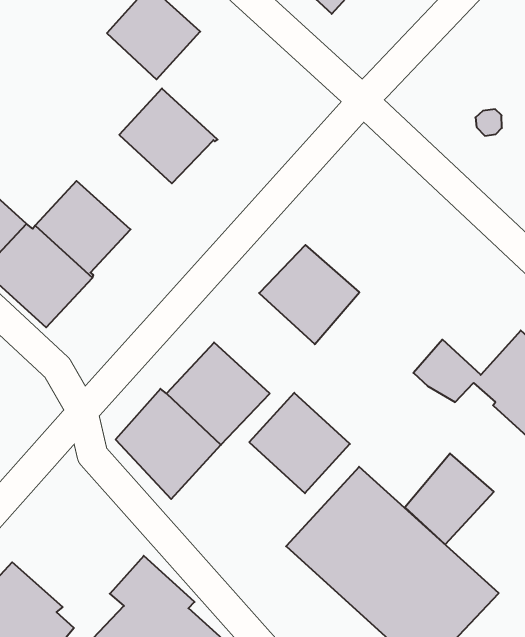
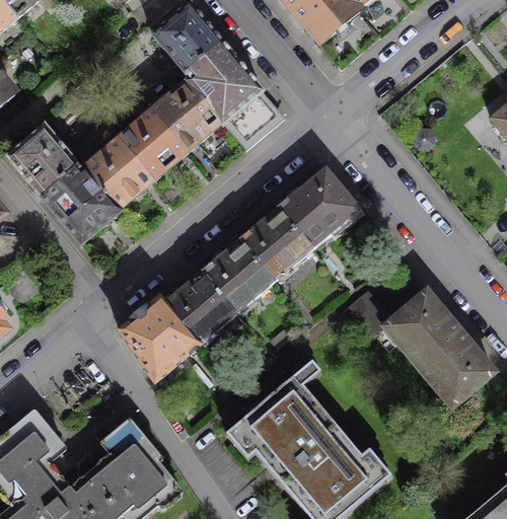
building: none -> [186,43,275,148]
building: none -> [118,109,187,179]
building: none -> [278,167,359,247]
building: [249,393,350,493] -> [202,238,275,312]
building: [405,453,494,545] -> none

